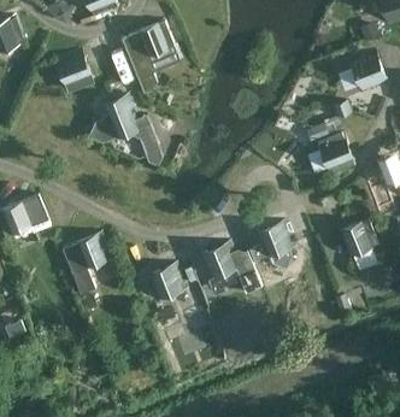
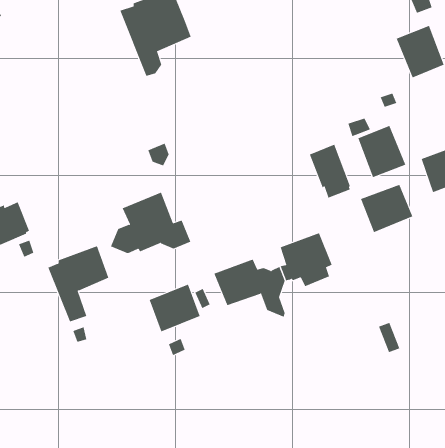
building: [54,48,94,92] -> none
building: [88,93,154,143] -> [110,192,191,254]
building: none -> [309,144,351,199]
building: [335,219,378,259] -> [360,184,413,233]

